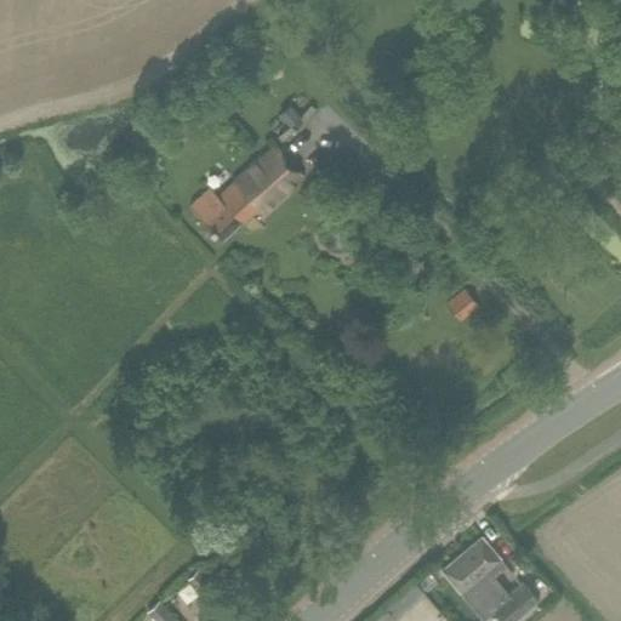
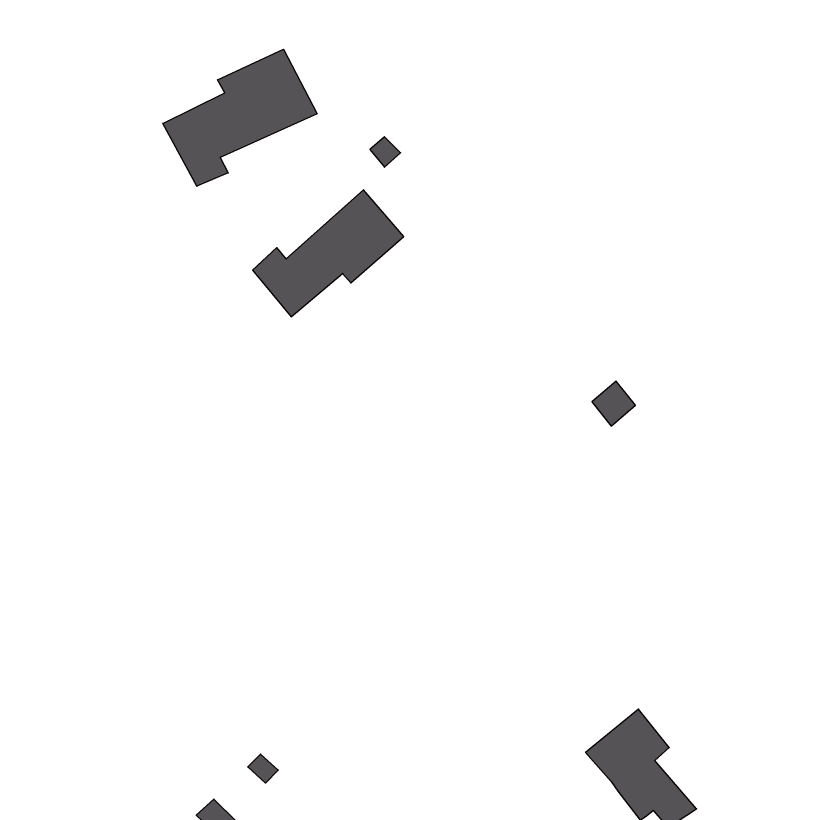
building: none -> [163,49,317,186]

